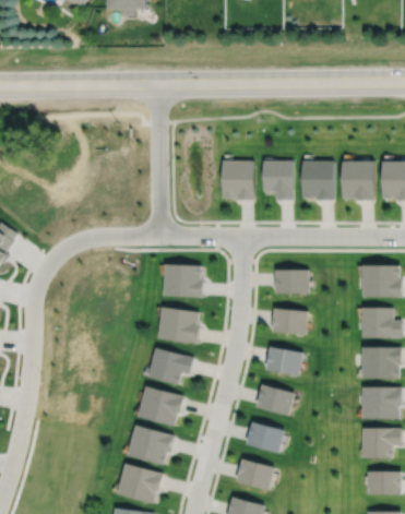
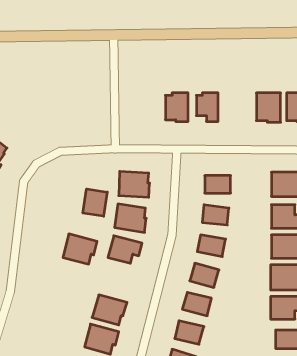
building: [302,160,334,199] -> none
building: none -> [83,189,107,216]
building: [139,386,183,426] -> [63,234,97,264]

